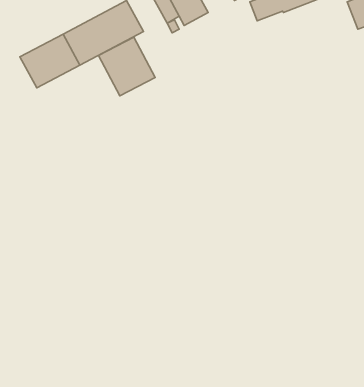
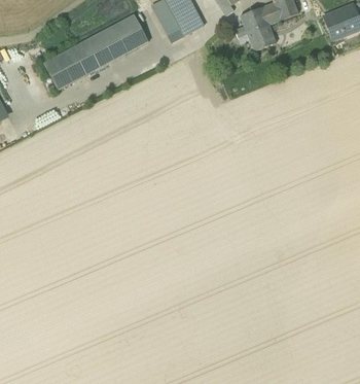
building: none -> [246,24,276,51]
building: [98,37,155,96] -> none

